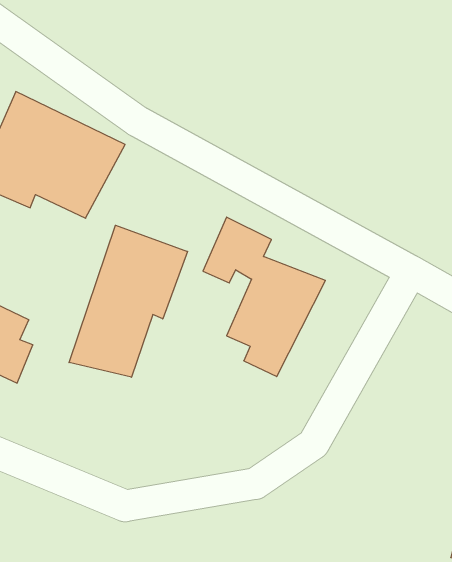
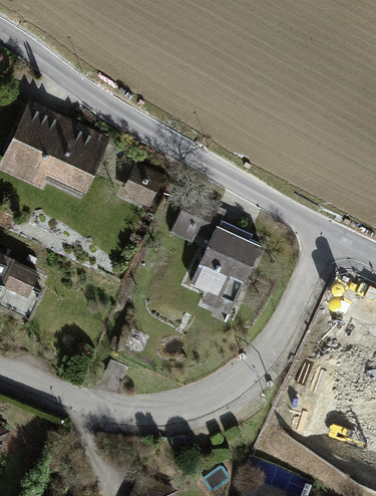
building: none -> [120,163,162,210]
building: [69,225,188,377] -> none

